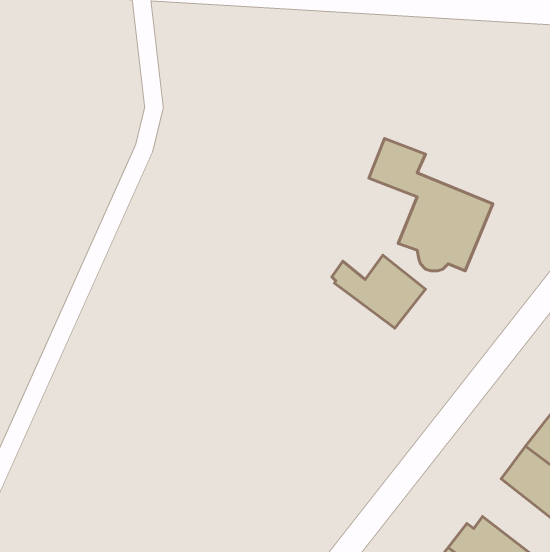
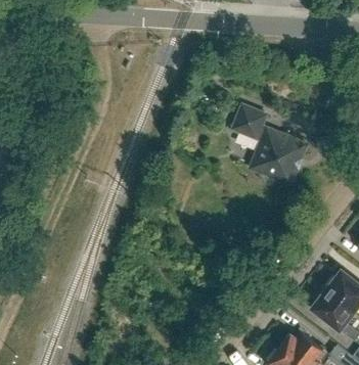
building: [332,255,425,328] -> none

